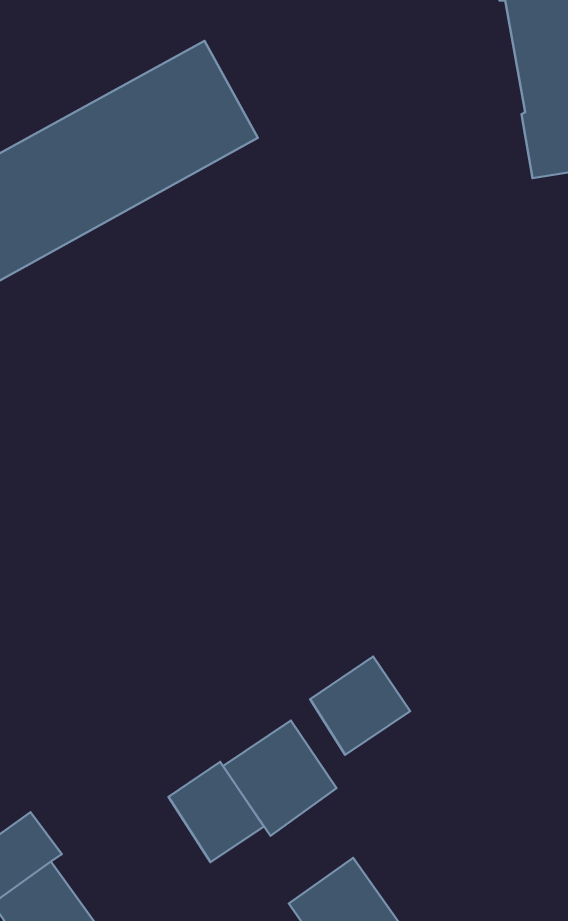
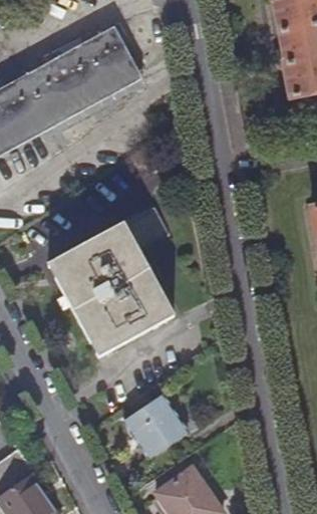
building: none -> [49,207,175,357]
building: [310,657,410,755] -> none
building: [169,762,264,862] -> none

